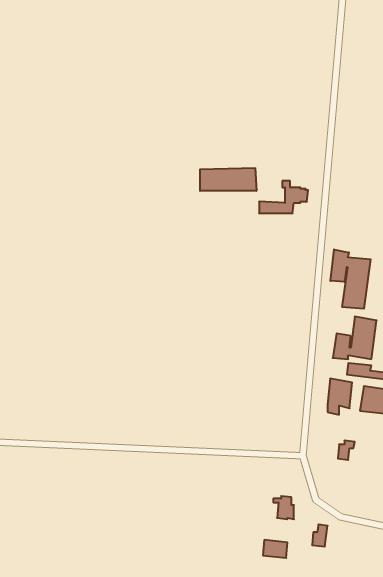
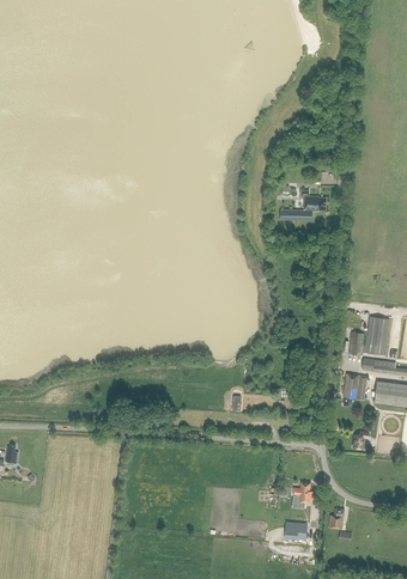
building: [200,168,256,191] -> none
building: [330,249,371,309] -> none

